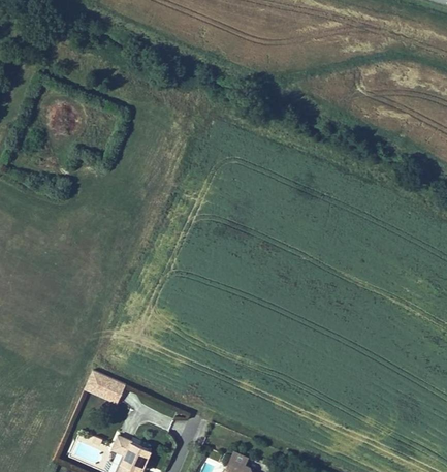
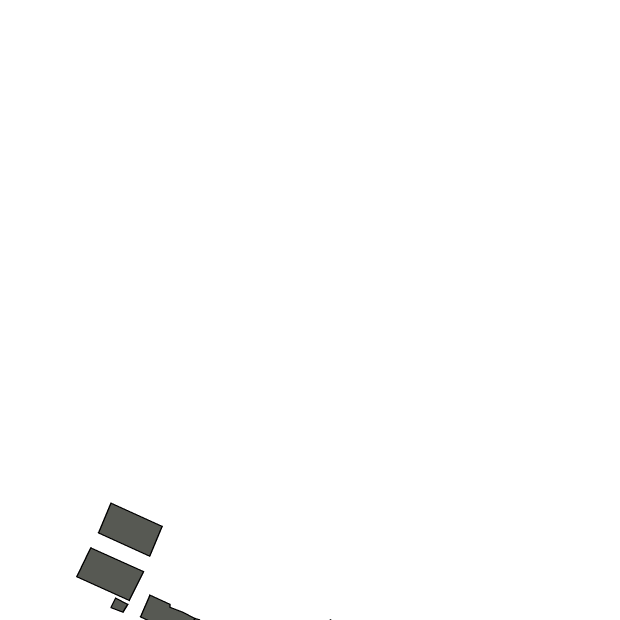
building: none -> [77,548,143,601]

